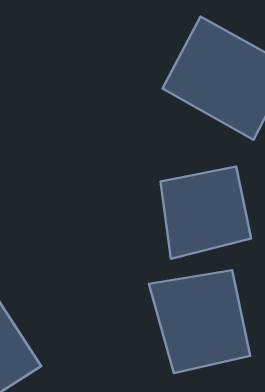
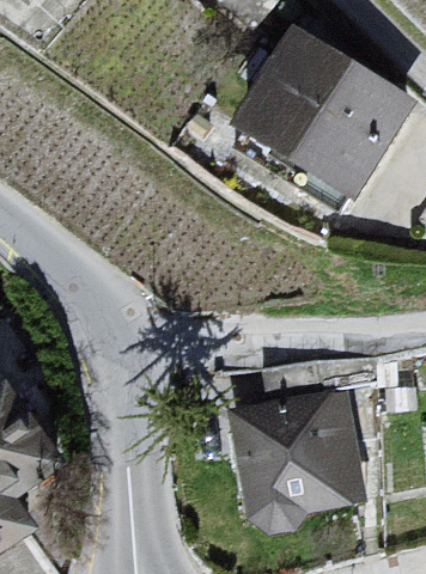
building: [161,167,251,259] -> none

